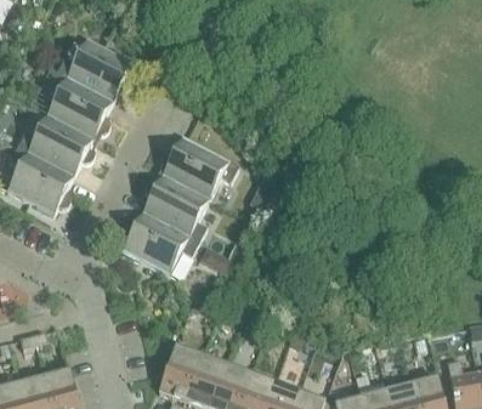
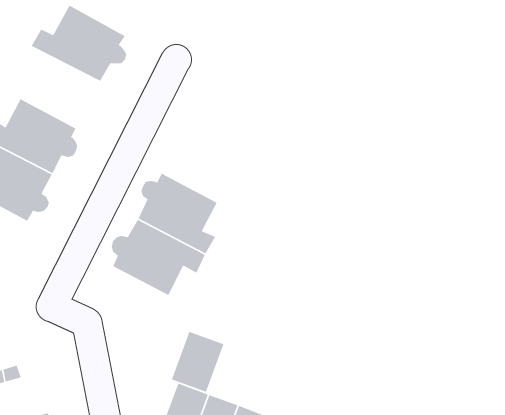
building: [47,70,113,137] -> none
building: [161,135,239,198] -> none
building: none -> [171,331,225,393]

